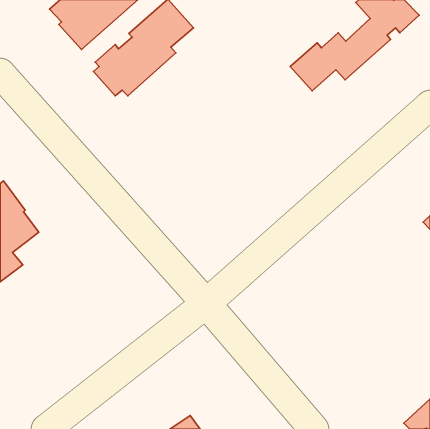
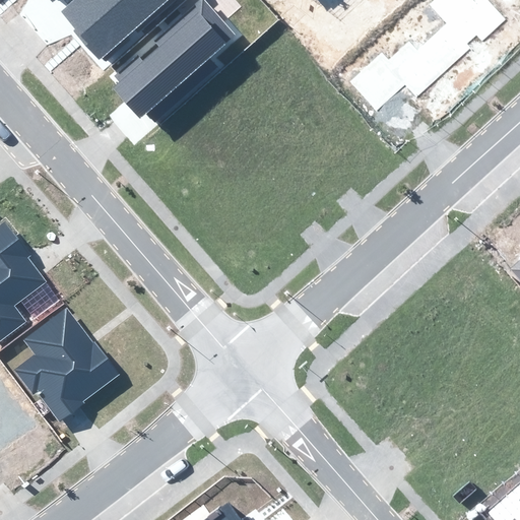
building: none -> [13,306,119,421]

